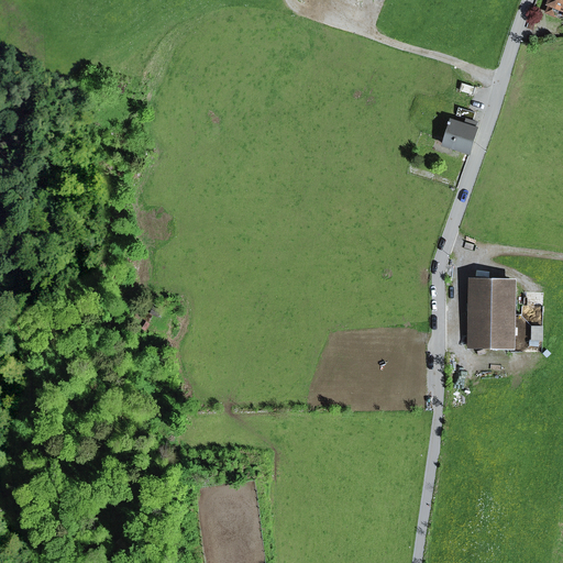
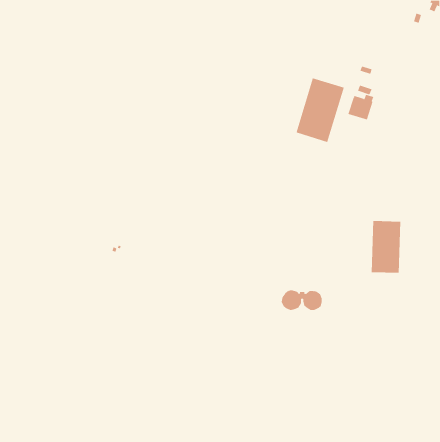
building: none -> [296,77,344,143]

